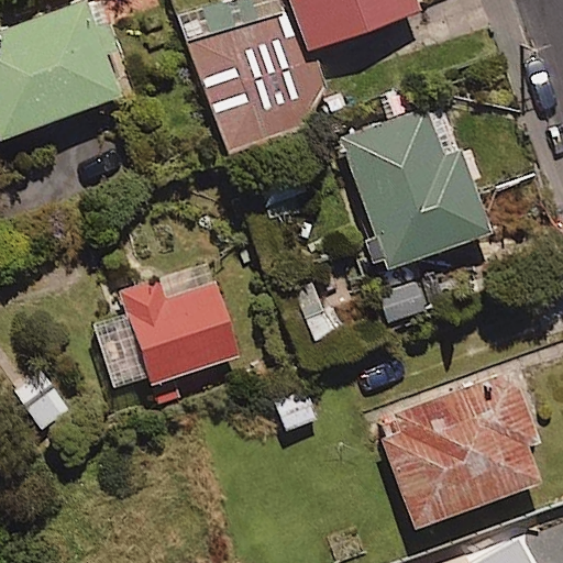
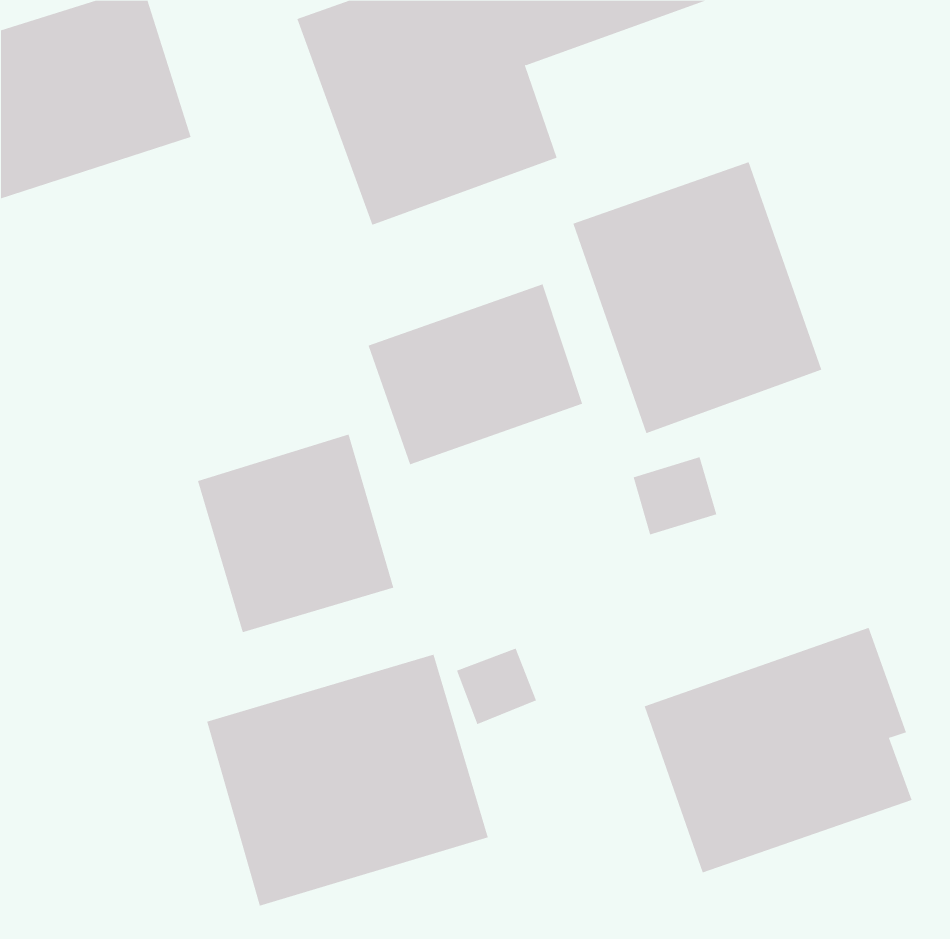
building: none -> [368,283,583,465]
building: none -> [207,654,488,906]

